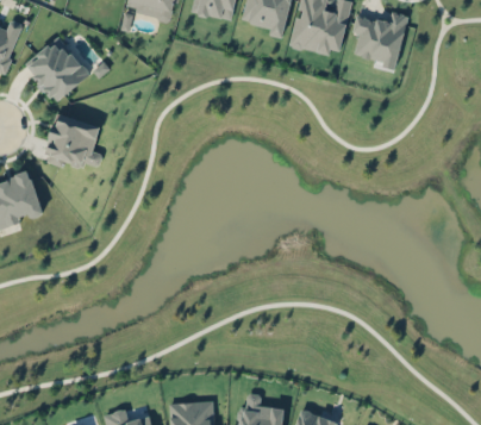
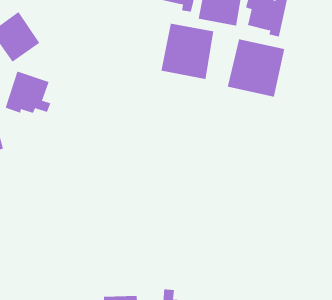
building: none -> [161,23,214,80]
building: none -> [227,39,285,97]

